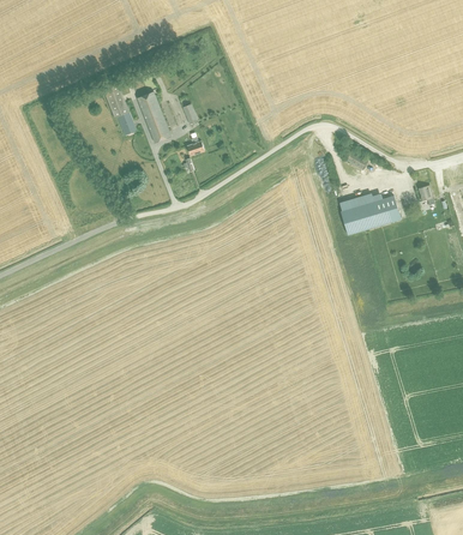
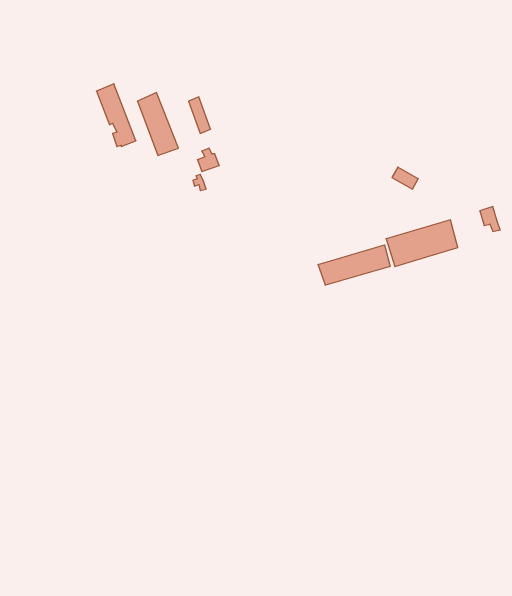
building: none -> [318,245,390,285]

